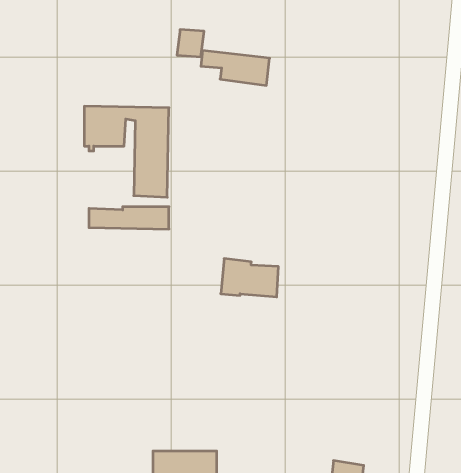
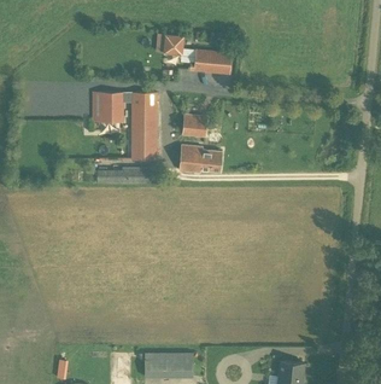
building: none -> [181,114,207,138]
building: [221,259,278,297] -> [178,144,222,173]

